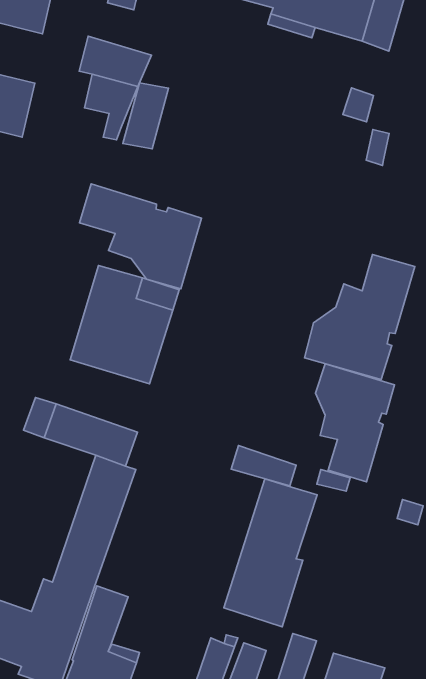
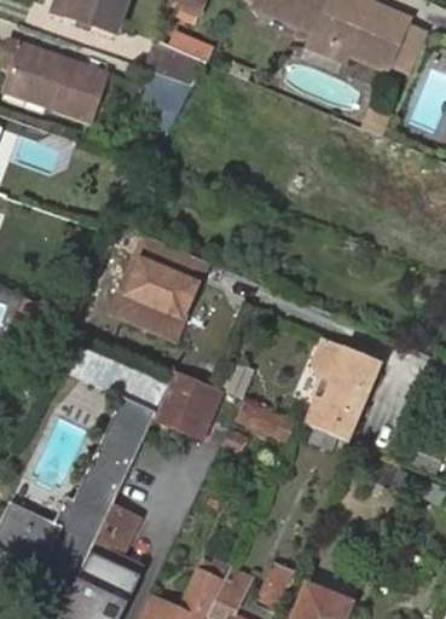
building: [123,83,169,149] -> none
building: [80,184,202,289] -> none
building: [304,254,415,380] -> none
building: none -> [155,370,221,438]
building: [224,479,317,627] -> none

